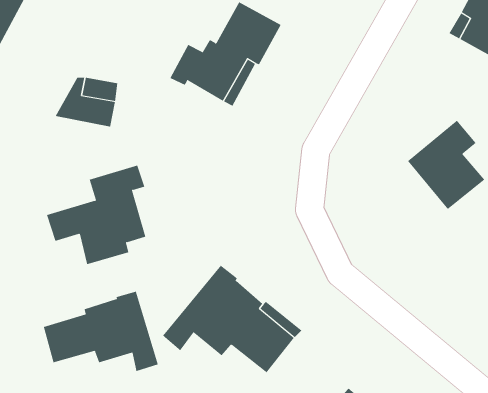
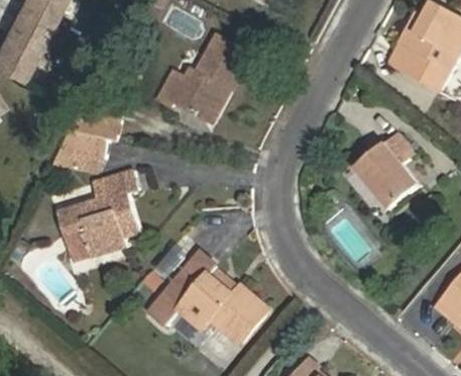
building: [43,291,158,372] -> none

